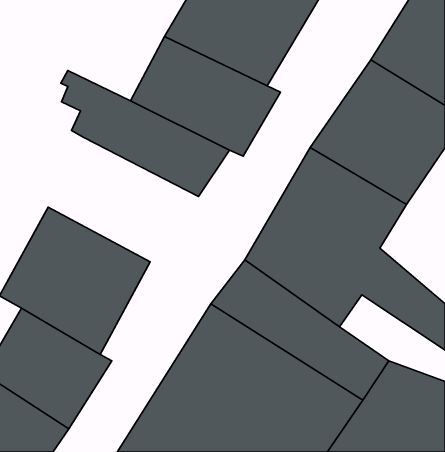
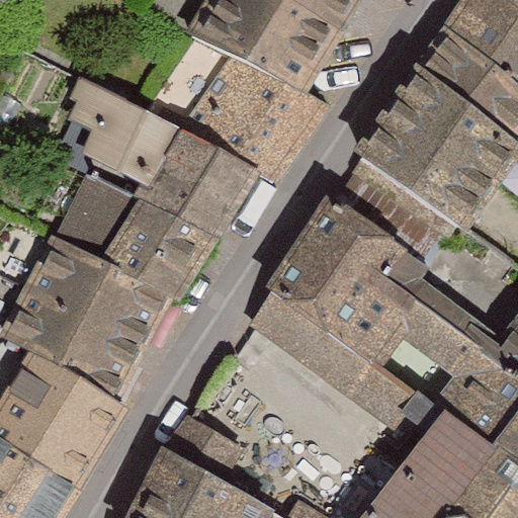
building: none -> [55,156,225,301]

